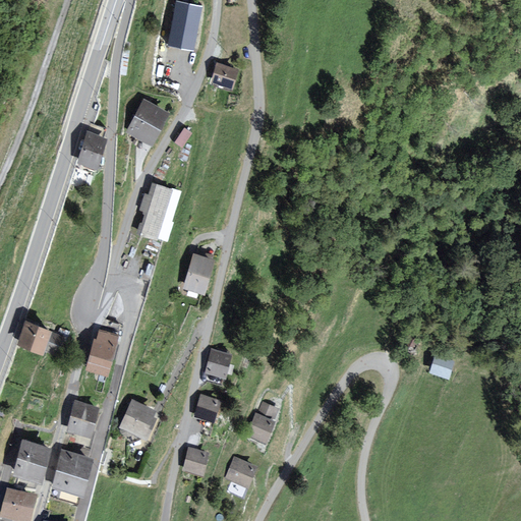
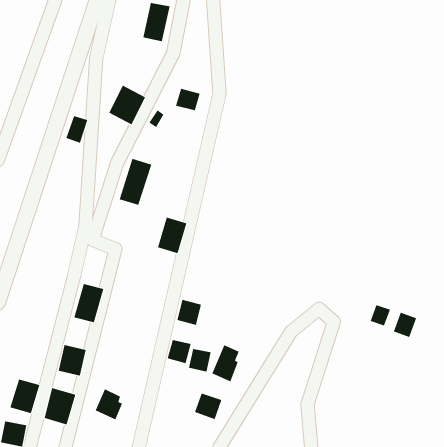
building: [211,63,240,90] -> [175,88,201,111]
building: [19,320,55,352] -> none
building: none -> [393,312,417,338]
building: [119,402,152,439] -> [95,389,123,420]
building: [184,449,212,476] -> [188,349,212,372]

